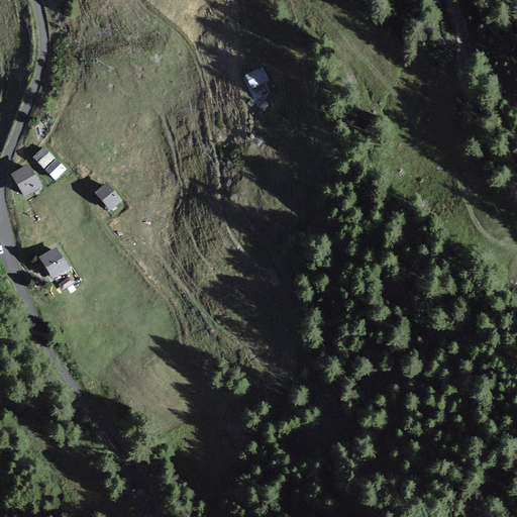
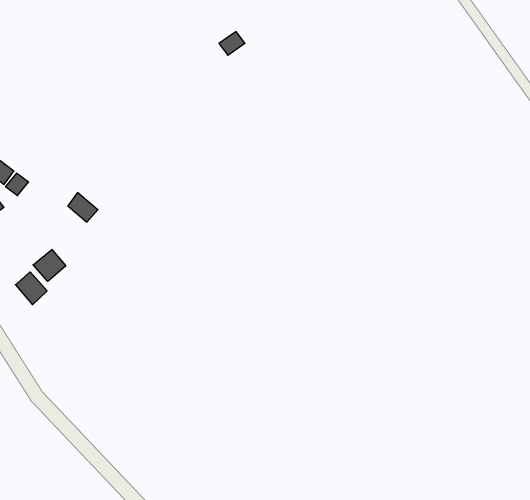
building: none -> [33,249,66,281]

